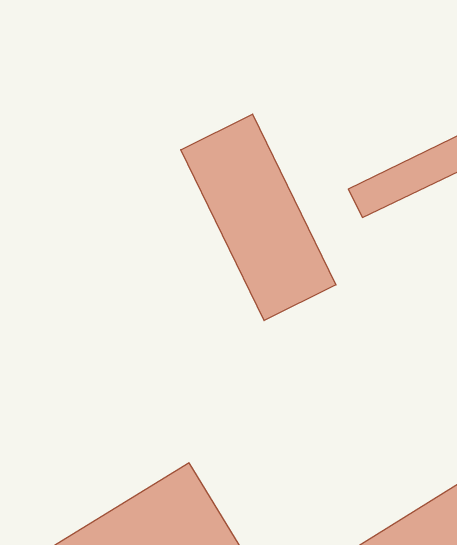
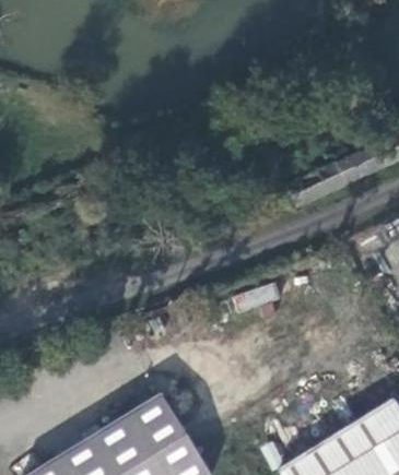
building: [181,114,336,321] -> none

